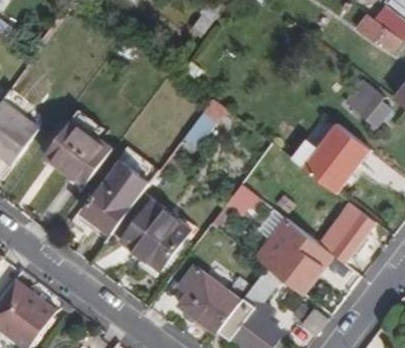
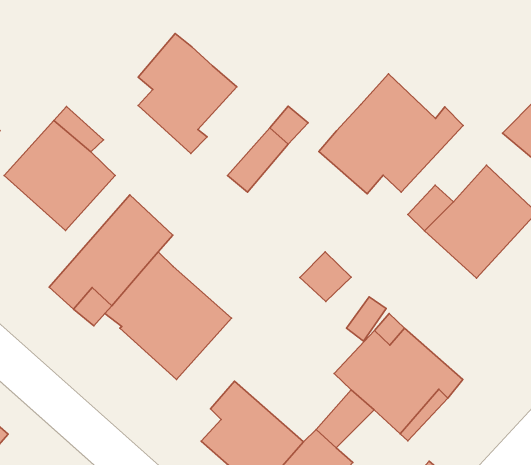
building: none -> [138,33,237,153]
building: none -> [319,74,463,194]
building: [325,204,368,263] -> none

